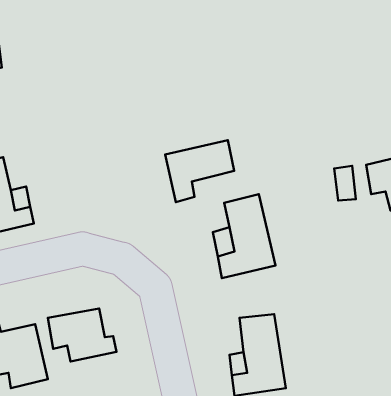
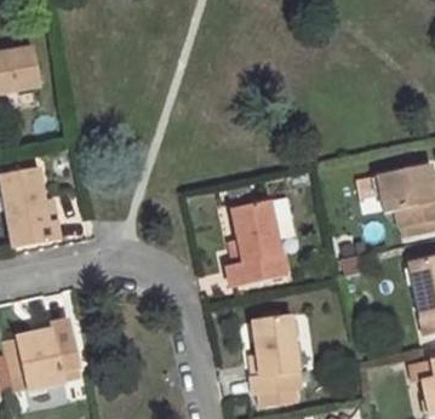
building: [165,140,234,202] -> none
building: [48,308,117,361] -> none

